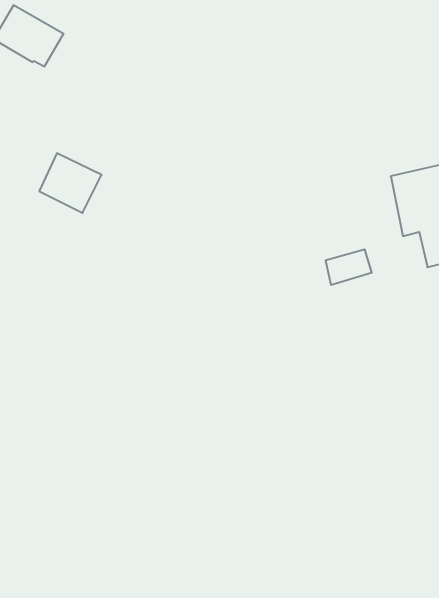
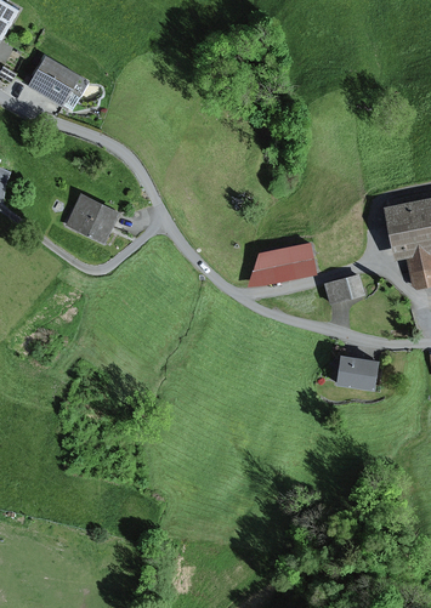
building: none -> [245,245,314,289]
building: none -> [339,351,382,388]

